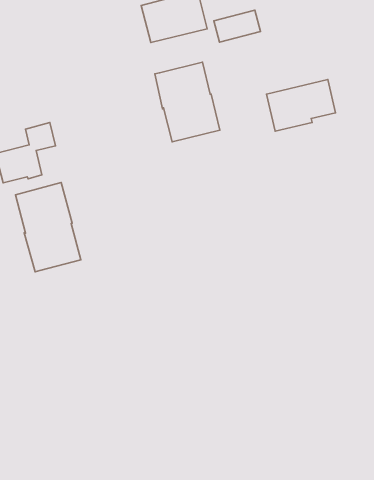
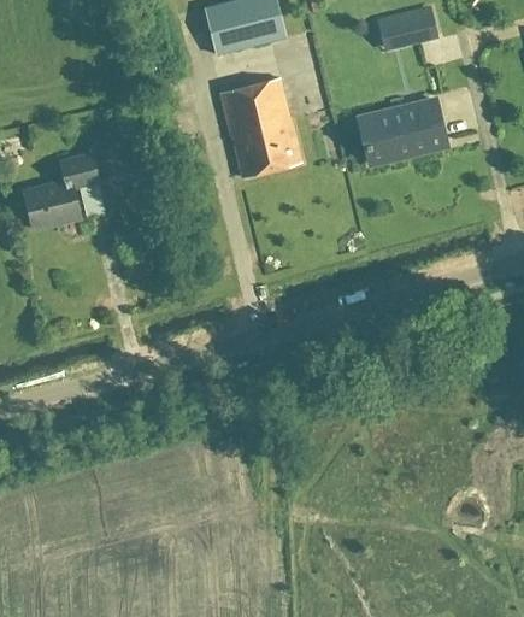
building: [214,10,261,42] -> [379,10,437,49]
building: [16,183,81,272] -> none

